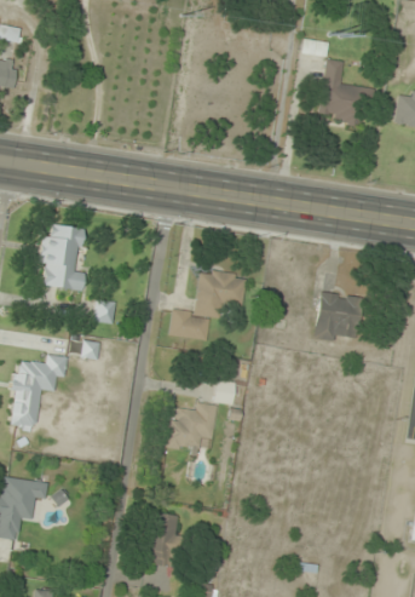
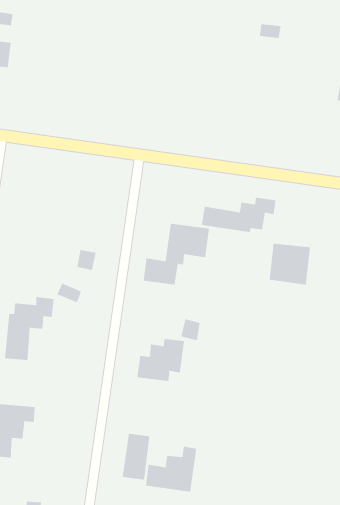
building: [322,61,363,125] -> none
building: [39,224,86,291] -> none
building: none -> [201,197,276,233]
building: none -> [146,446,197,492]

